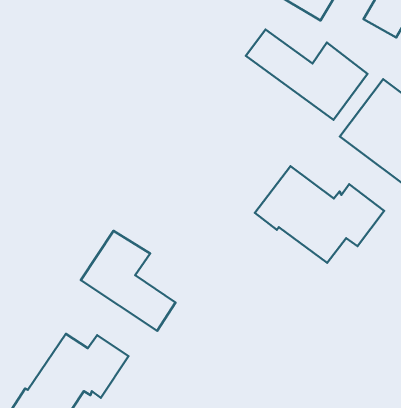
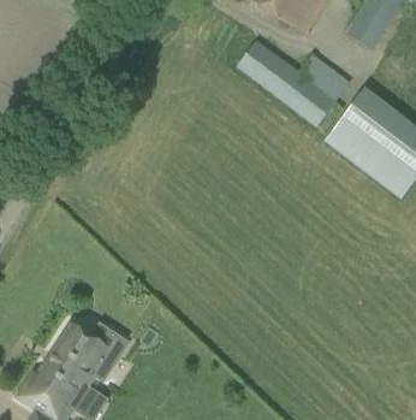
building: [255,166,384,263] -> none
building: [81,231,176,331] -> none

